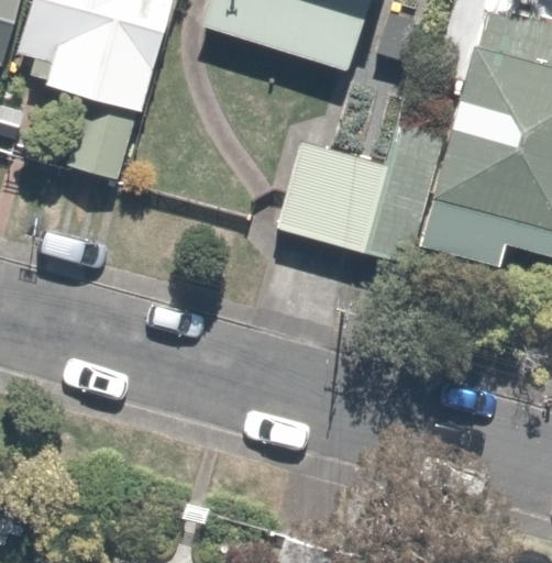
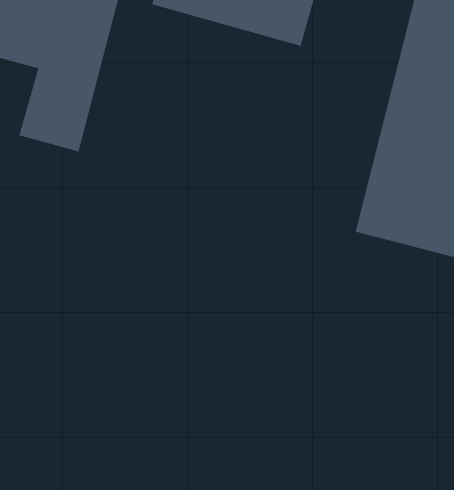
building: [278,85,441,265] -> none

